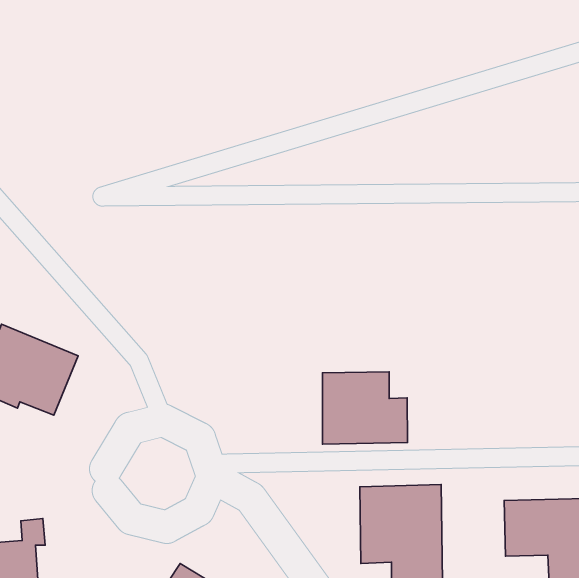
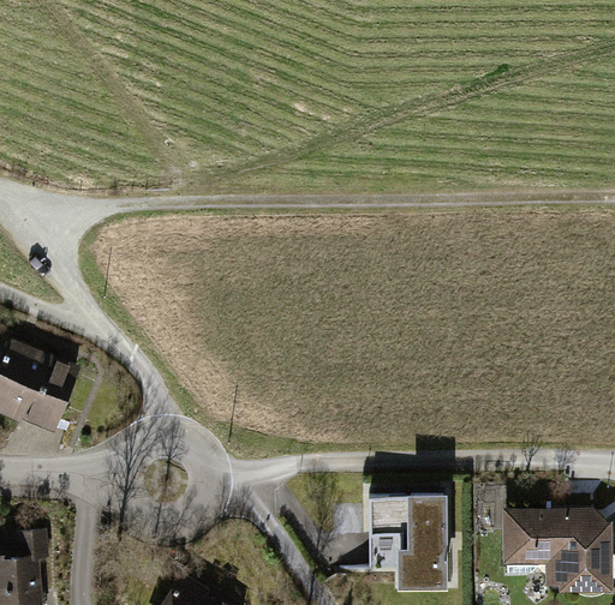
building: [322,372,407,444] -> none

